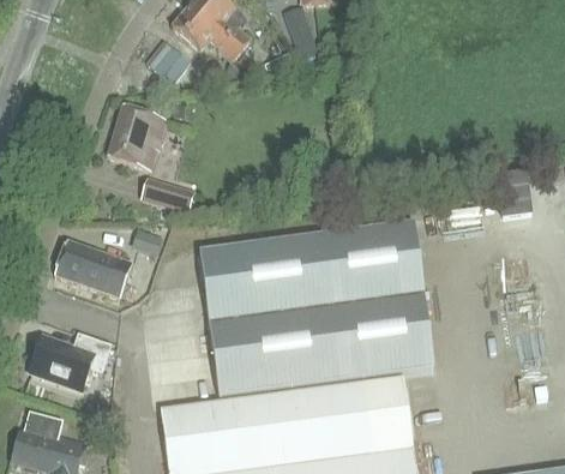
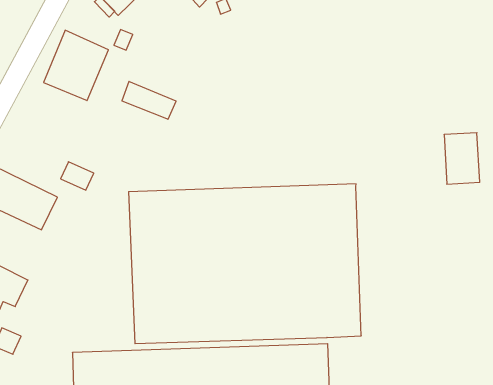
building: [143,178,194,210] -> [122,81,176,119]

